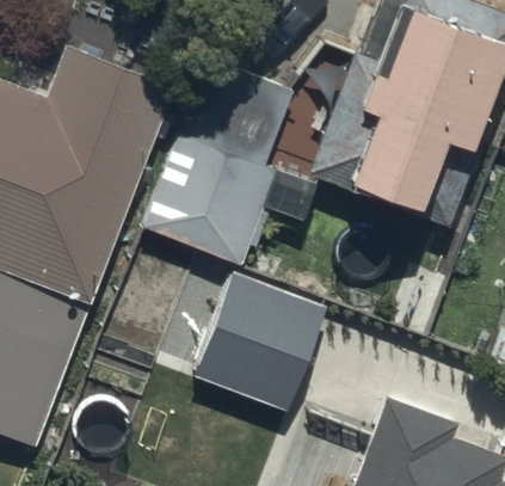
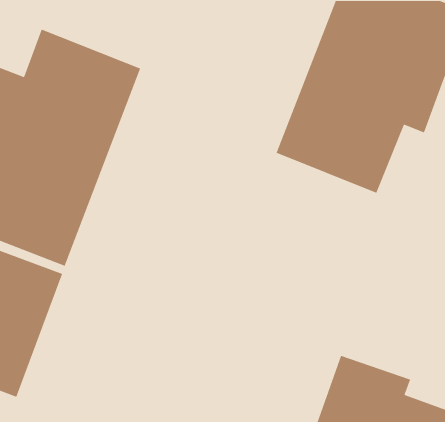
building: [141,68,292,266] -> none
building: [199,277,325,407] -> none

